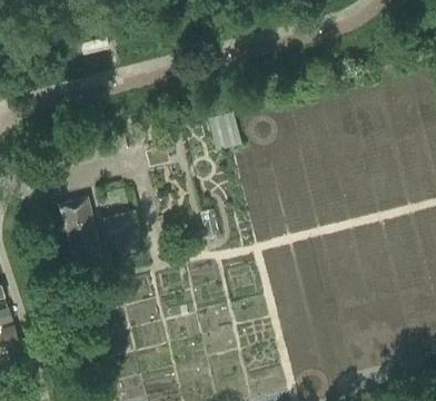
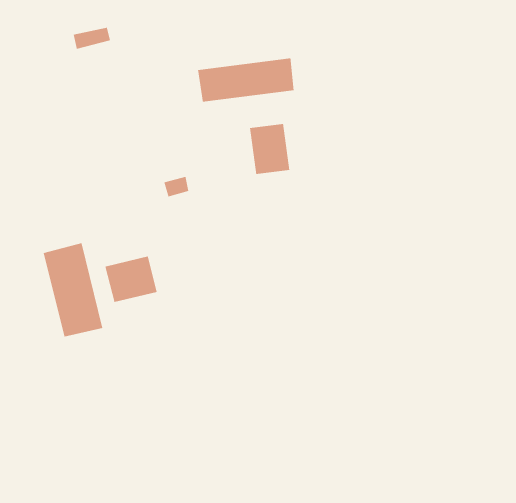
building: none -> [198,58,294,102]

